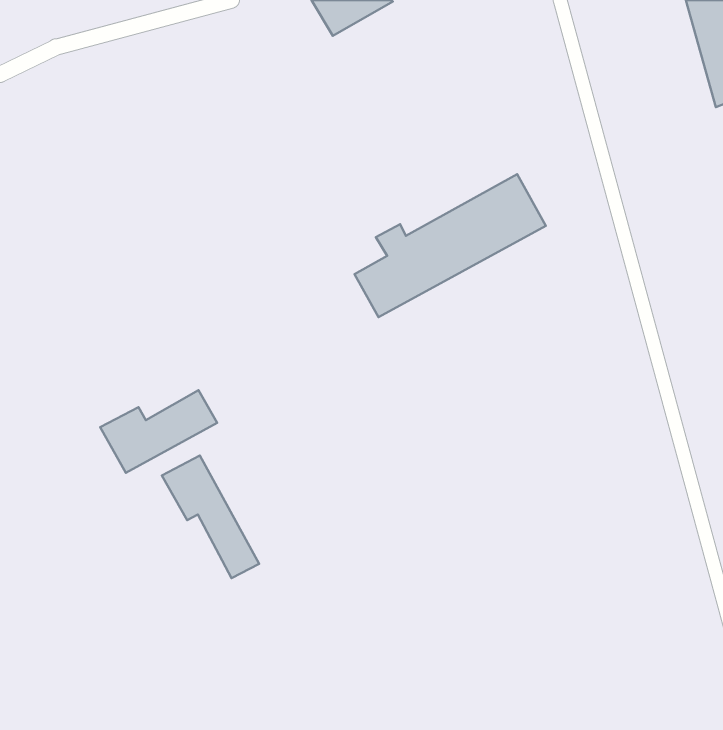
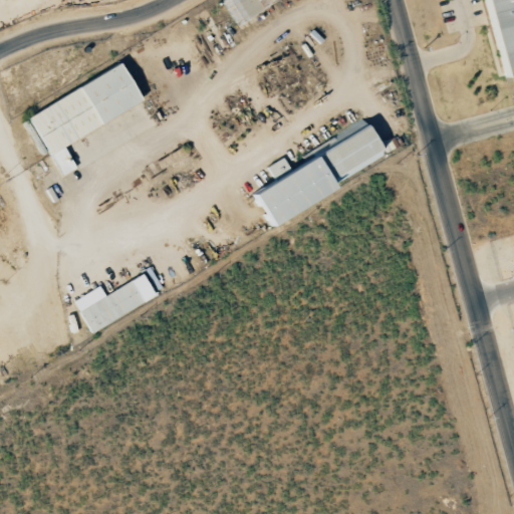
building: none -> [30,64,144,176]
building: [162,455,259,578] -> none

